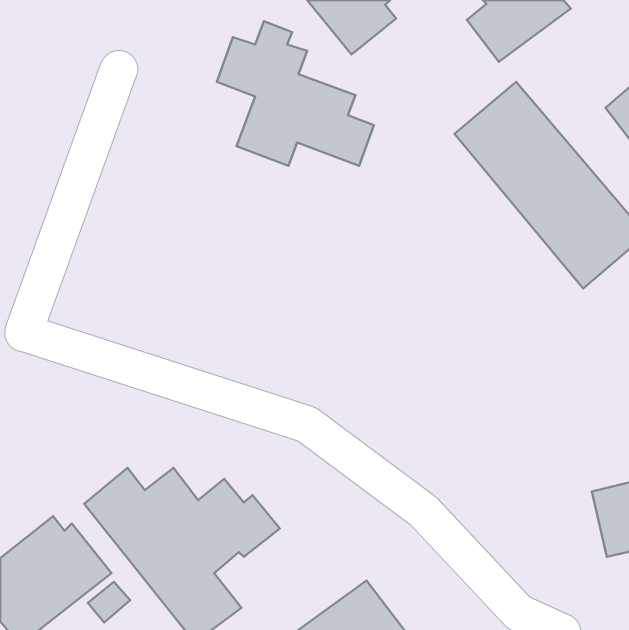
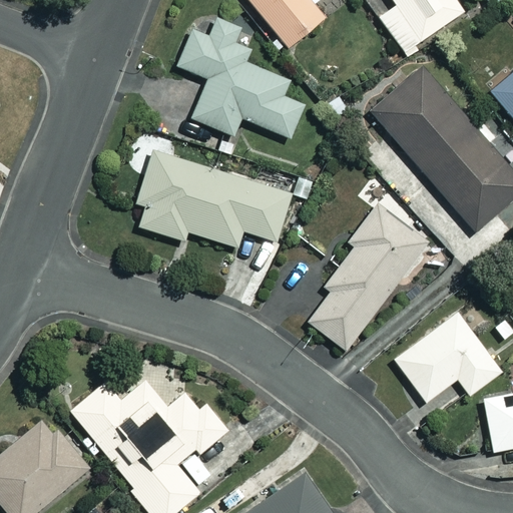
building: none -> [136,148,293,250]
building: none -> [309,195,432,350]
building: none -> [395,313,501,401]

